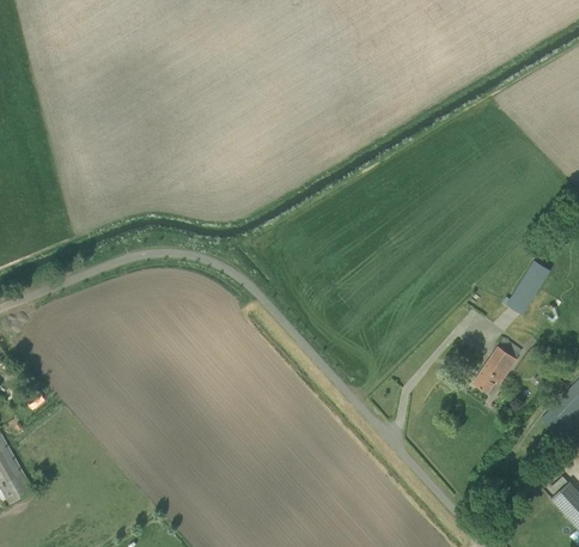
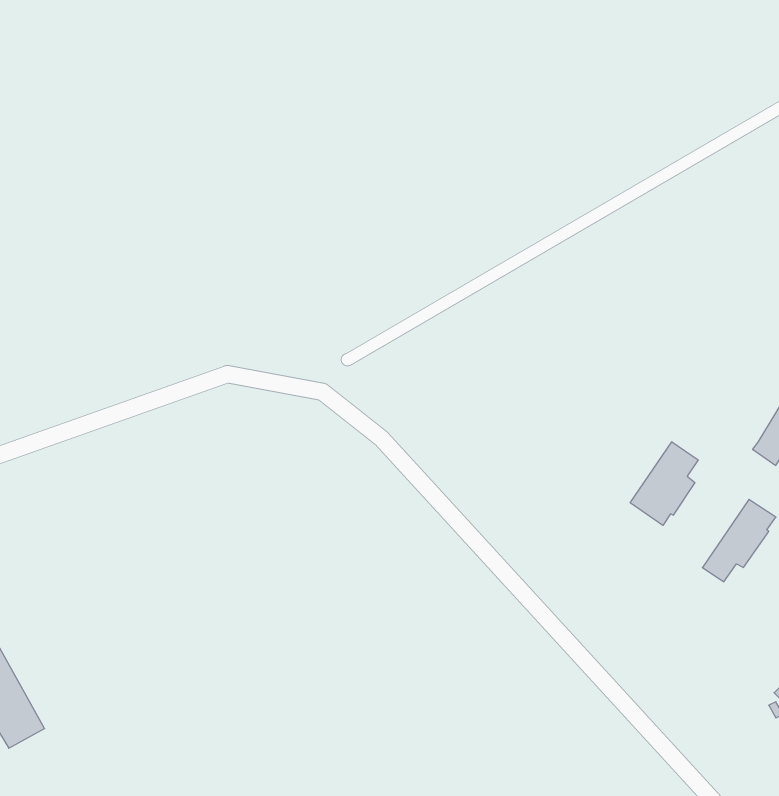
building: none -> [630,442,698,525]

